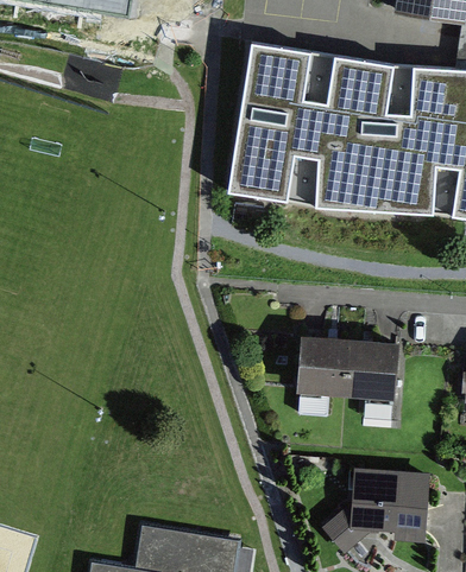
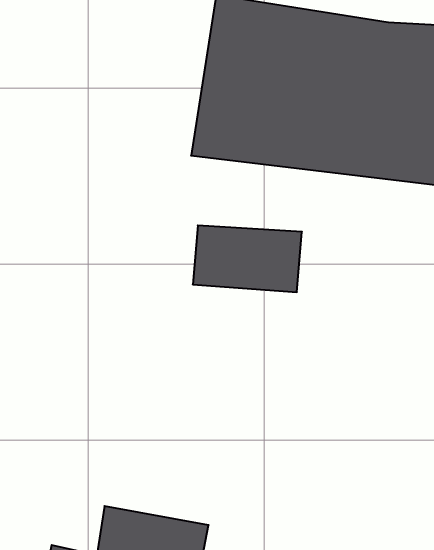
building: [295,337,398,400] -> [193,225,302,292]
building: [325,468,432,554] -> none

